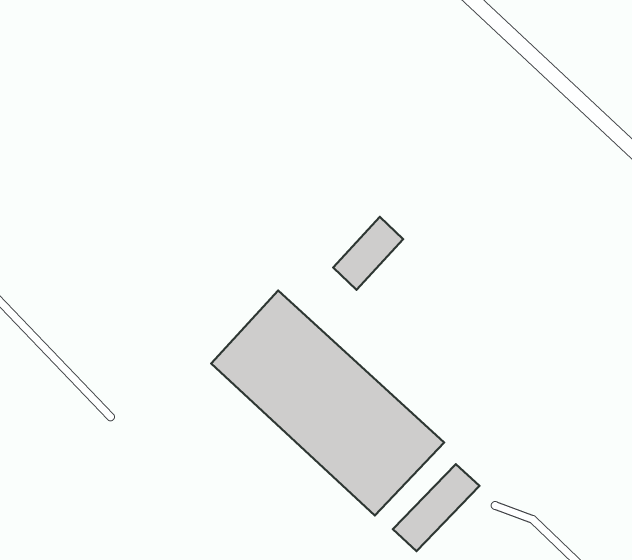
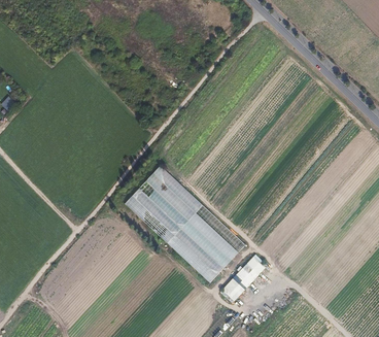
building: [333,217,403,290] -> none

